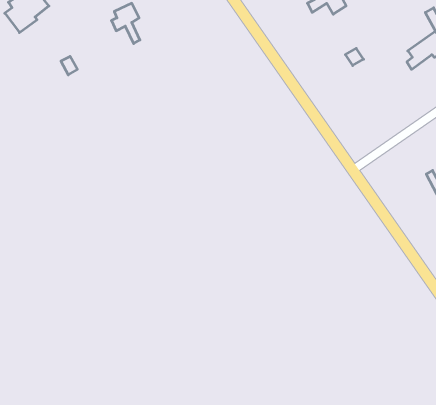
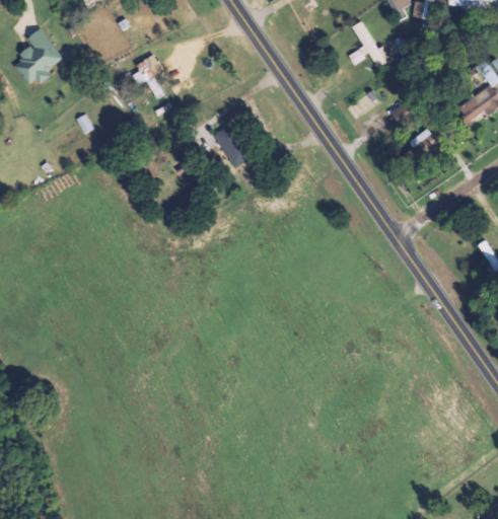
building: none -> [215,124,247,167]
building: none -> [409,128,438,155]

